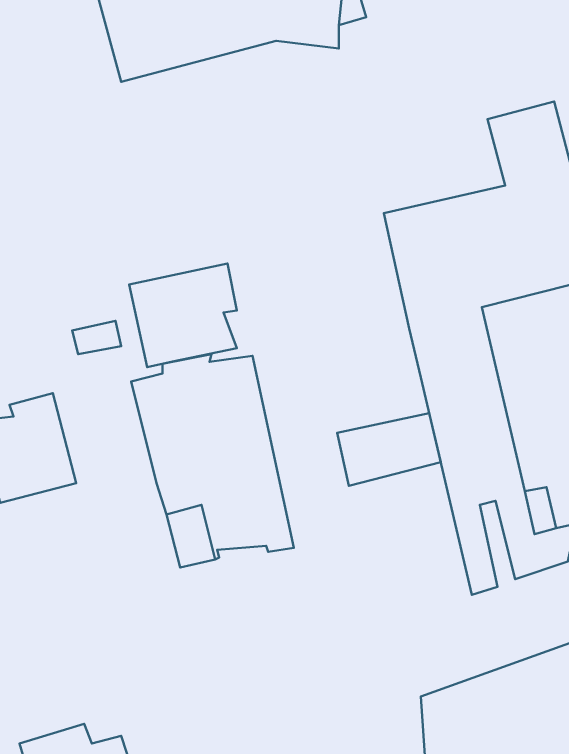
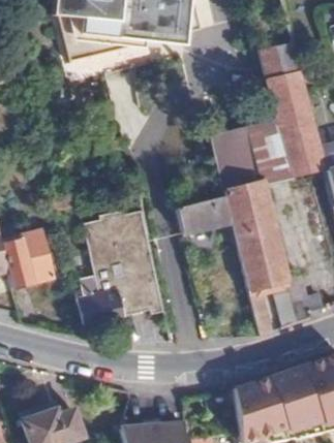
building: none -> [261,44,304,85]
building: [129,263,237,367] -> none
building: [337,413,441,486] -> [179,195,234,233]
building: none -> [75,277,107,325]

